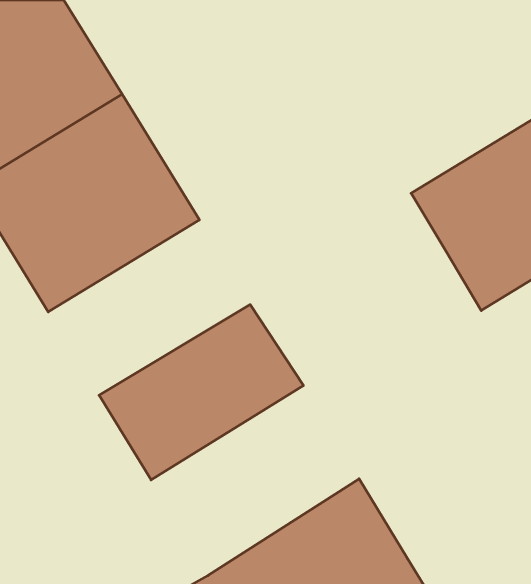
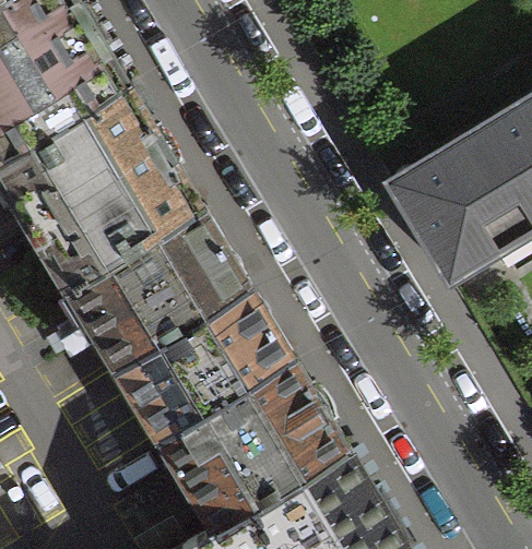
building: none -> [60,210,243,368]
building: none -> [153,359,341,530]

